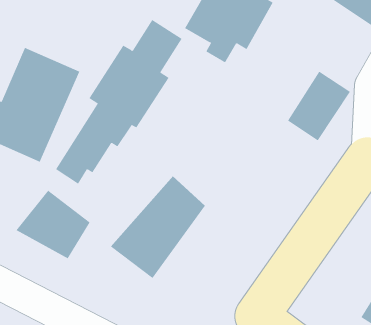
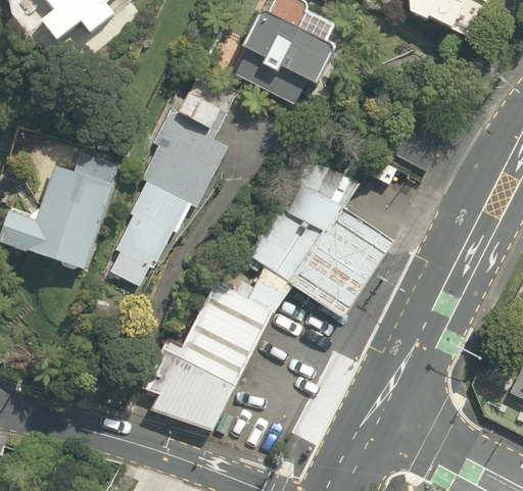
building: none -> [249,156,398,320]
building: [16,190,90,259] -> [154,354,244,435]

